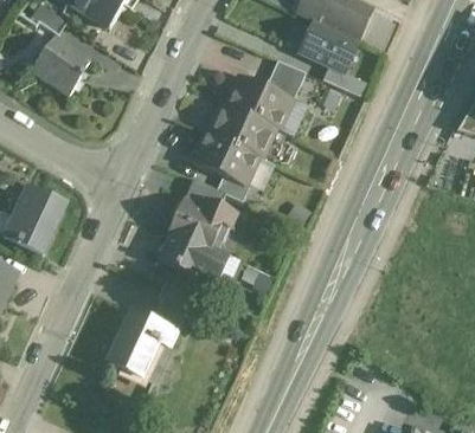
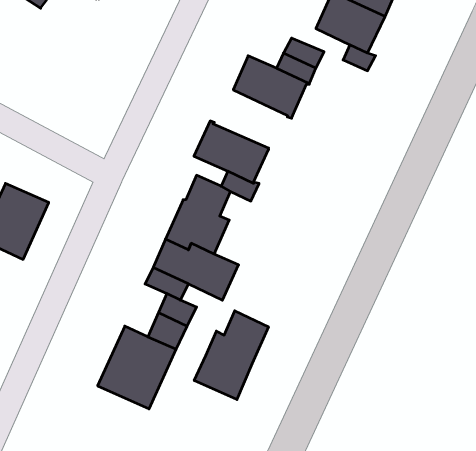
building: [32,35,90,93] -> none
building: [208,101,274,156] -> none
building: none -> [194,311,268,400]

